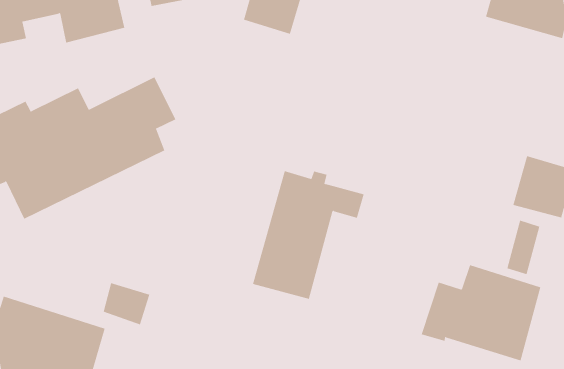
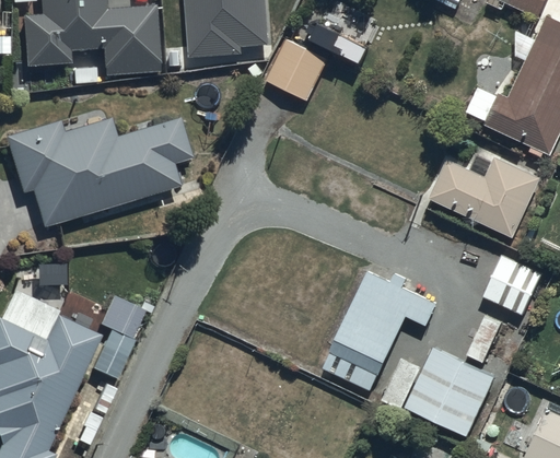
building: none -> [431,143,544,227]
building: [252,171,365,299] -> [324,262,438,381]

